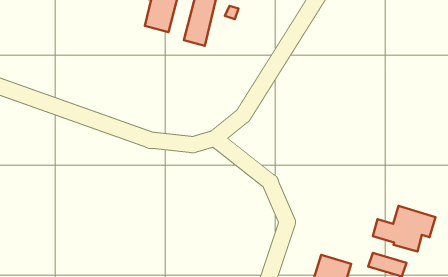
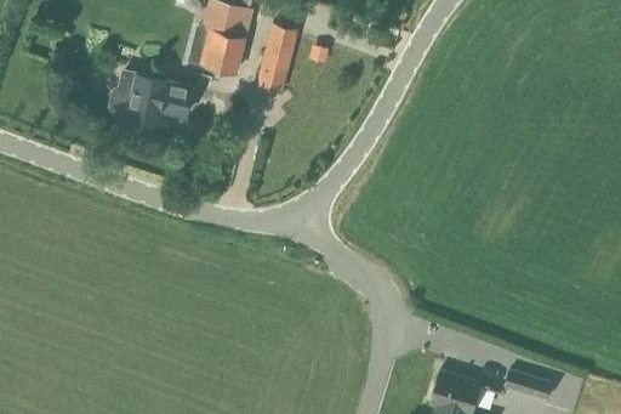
building: none -> [109,73,192,134]
building: [373,206,435,251] -> none

